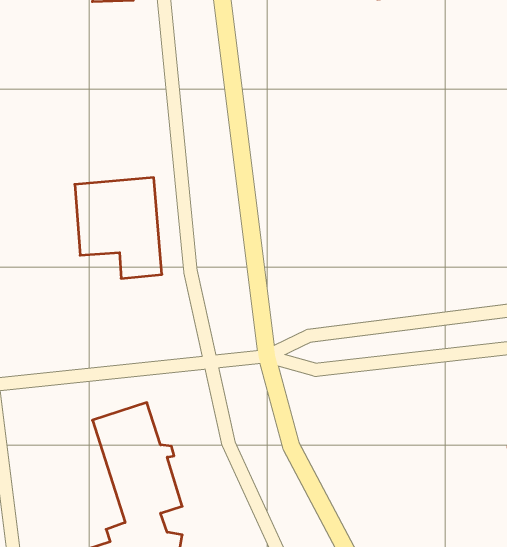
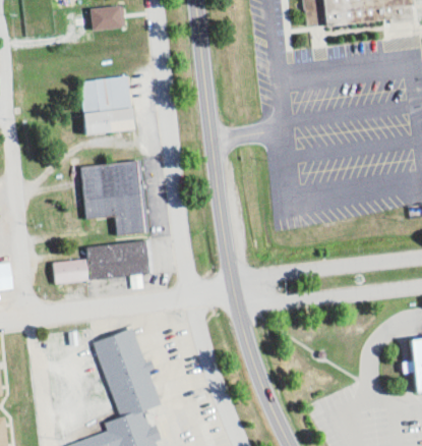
building: none -> [78,76,135,134]
building: none -> [50,241,150,283]

